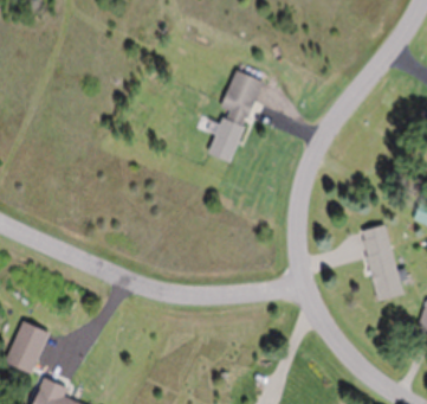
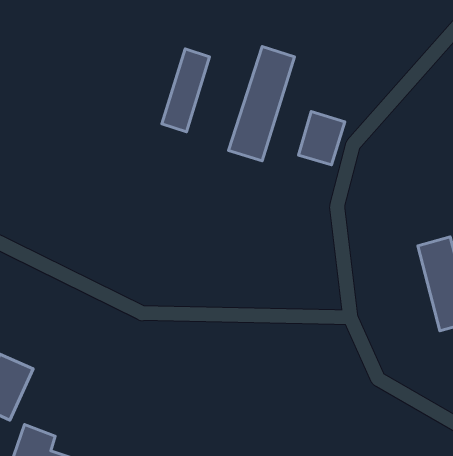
building: none -> [162,49,210,132]
building: none -> [299,112,345,165]

